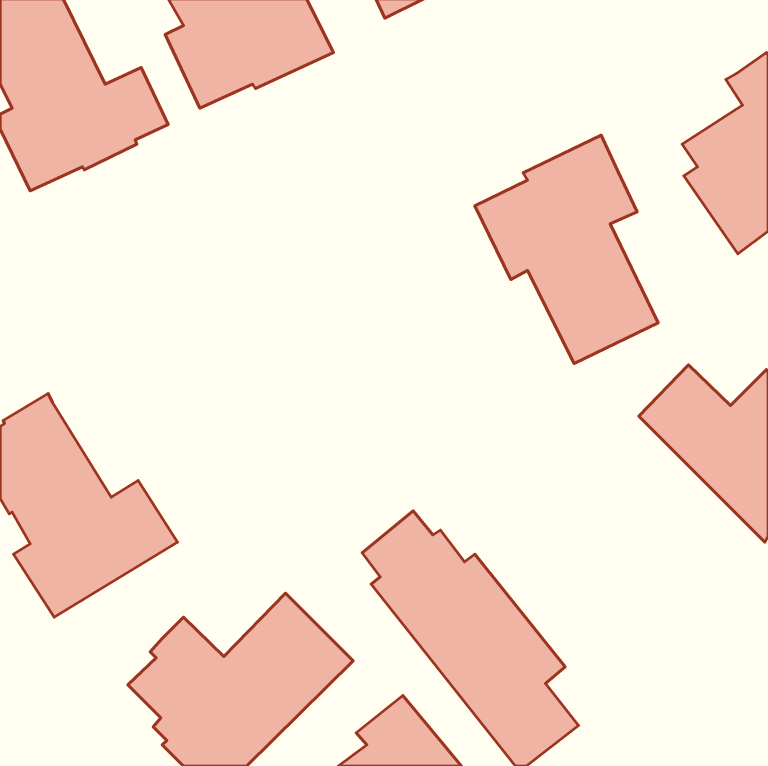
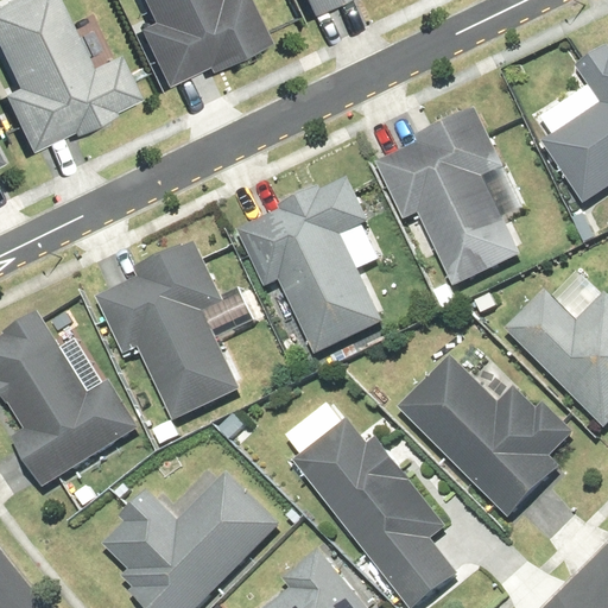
building: none -> [236,177,384,355]
building: none -> [95,242,241,423]
building: none -> [397,355,575,519]

